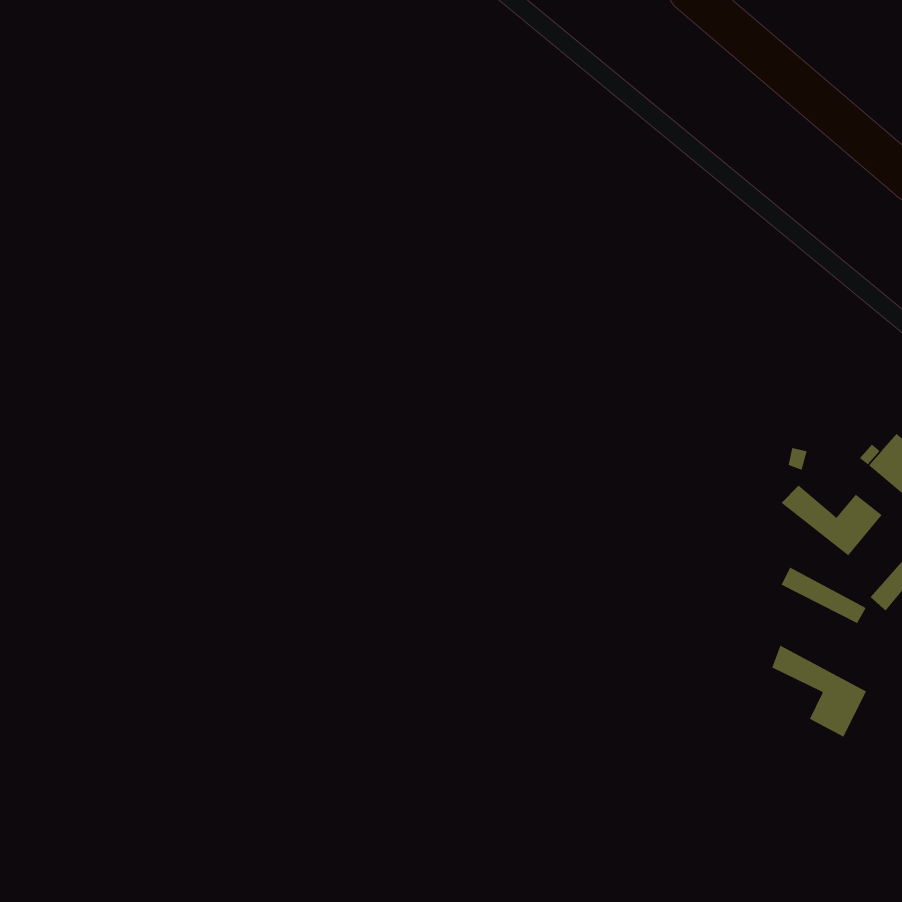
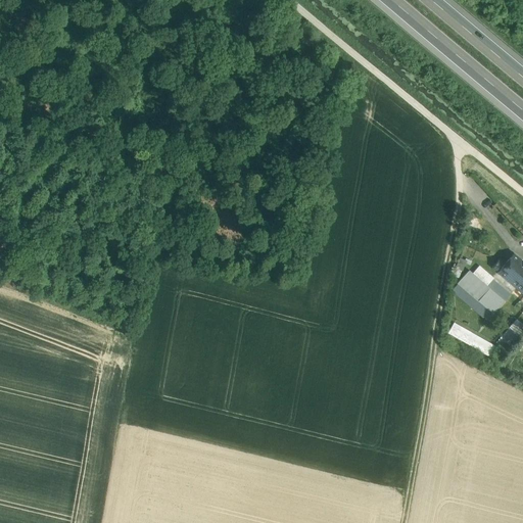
building: none -> [463,266,495,296]
building: [772,645,867,738] -> none

